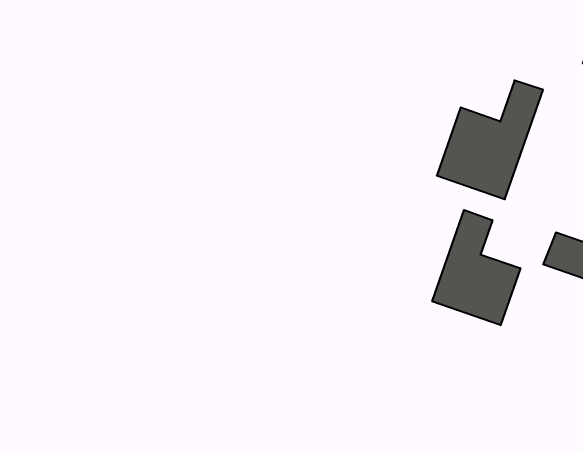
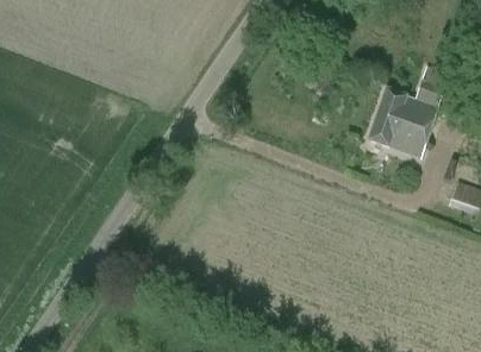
building: [432,210,520,325] -> none

